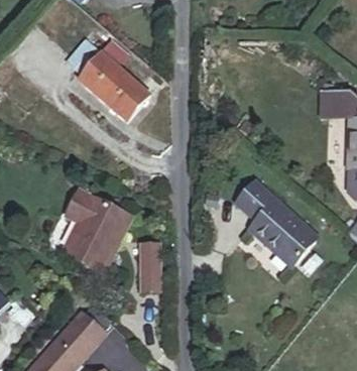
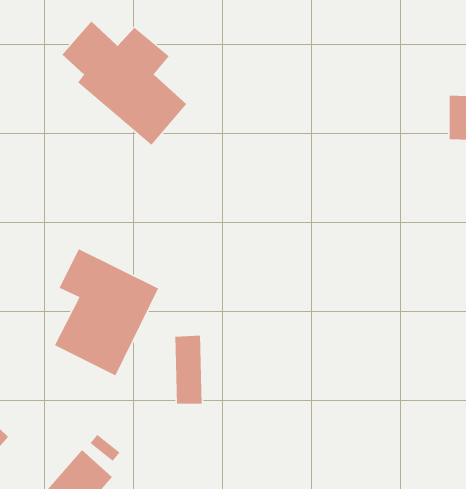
building: [238,182,318,267] -> none

